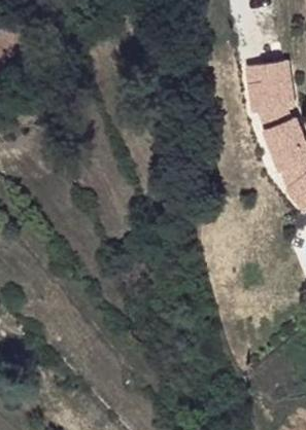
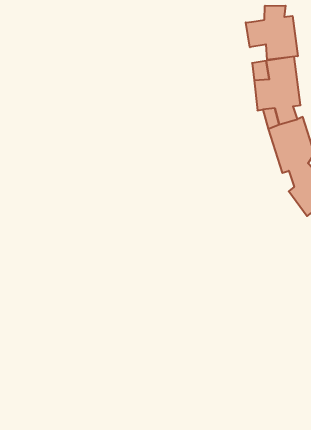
building: none -> [246,6,298,60]

